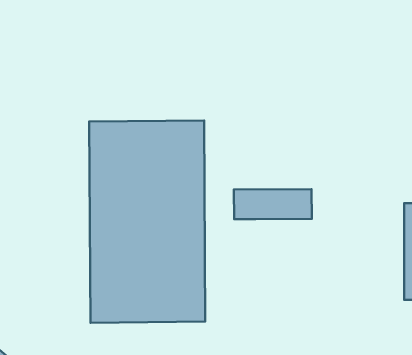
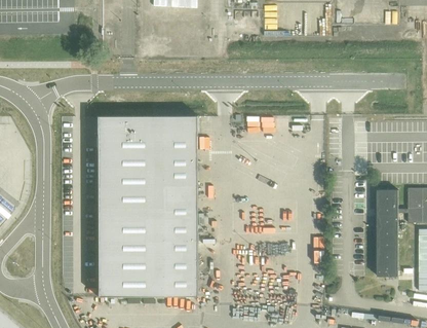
building: [234,189,312,219] -> none

